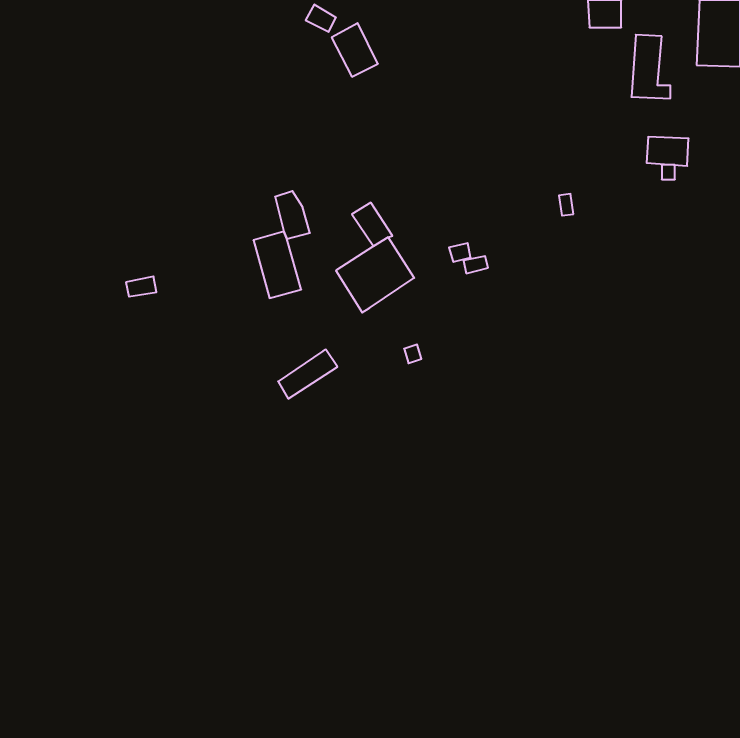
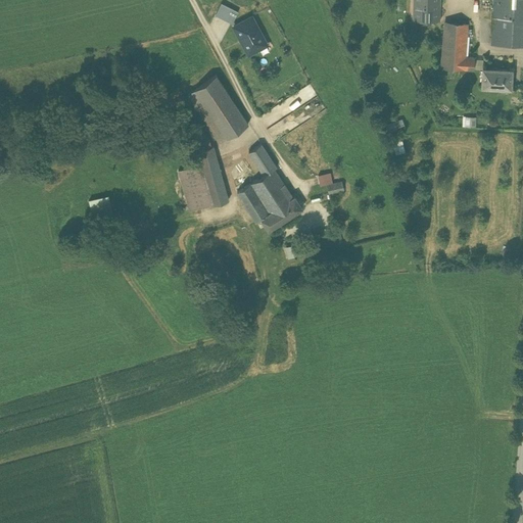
building: none -> [188,76,248,143]
building: [647,137,689,166] -> [482,70,512,91]
building: none -> [202,165,229,205]
building: [278,350,337,399] -> [260,196,302,231]

